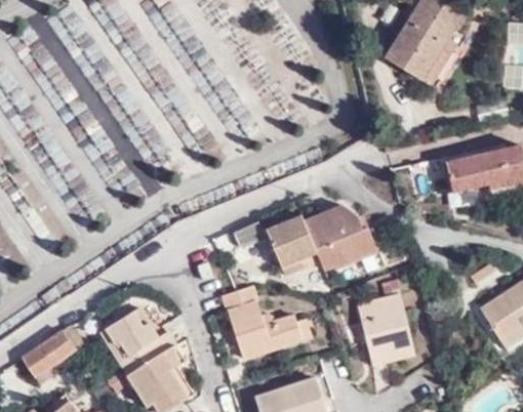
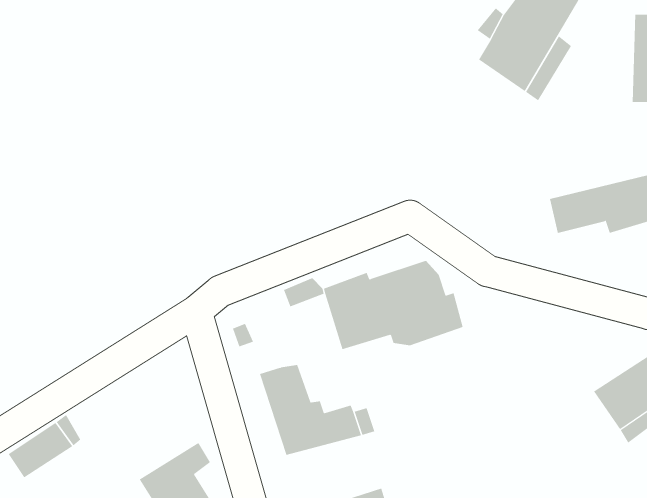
building: [360,299,417,370] -> none
building: [103,310,175,376] -> none

